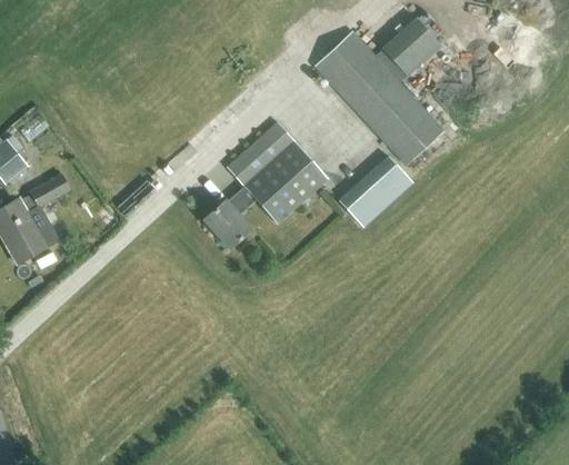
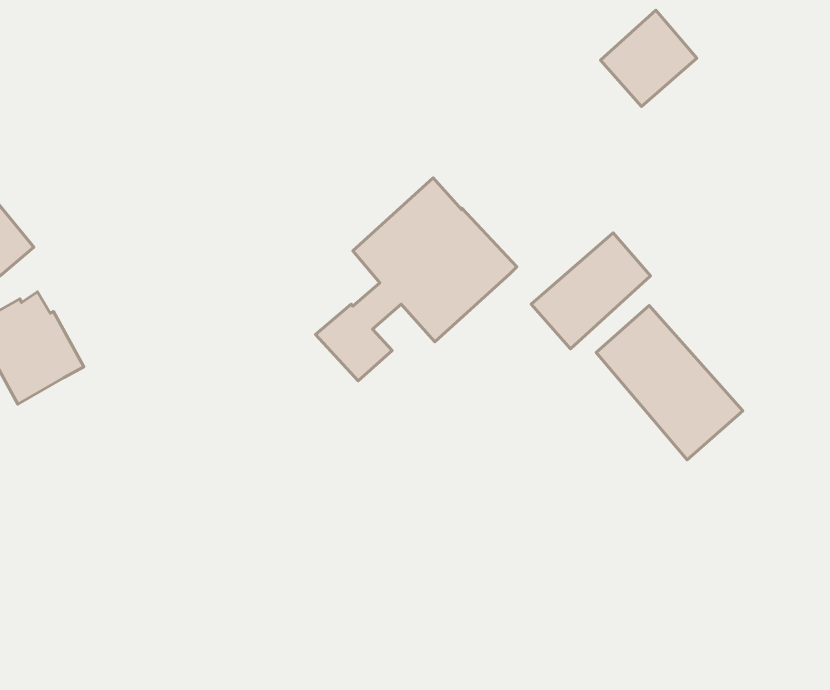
building: [315,31,443,165] -> none
building: [29,172,70,206] -> none
building: none -> [596,305,743,460]

